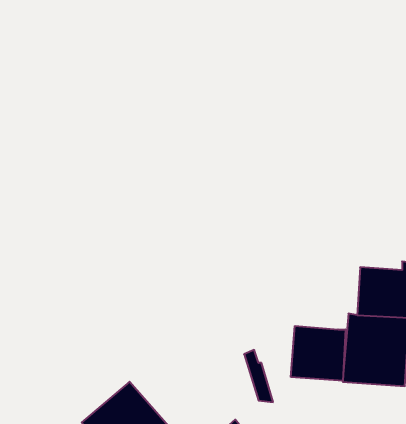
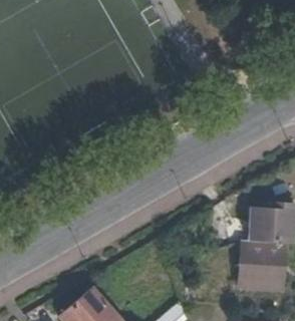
building: [291,326,345,381] -> none

